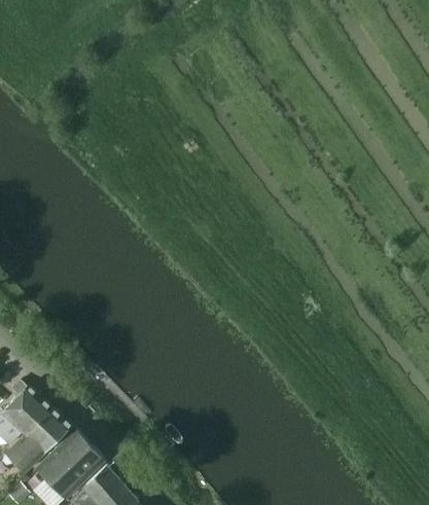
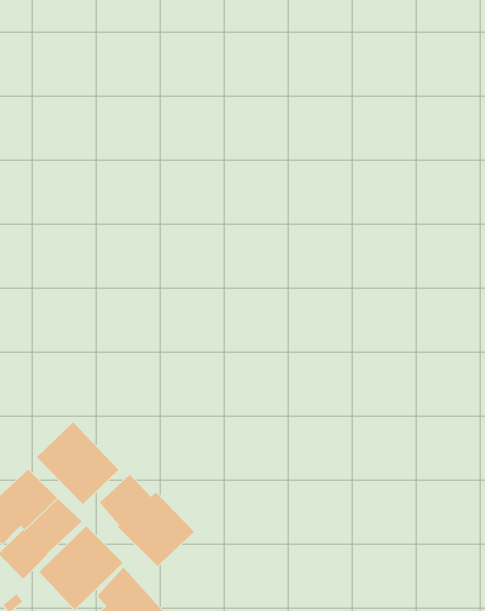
building: none -> [36,422,119,505]
building: none -> [99,474,195,567]

